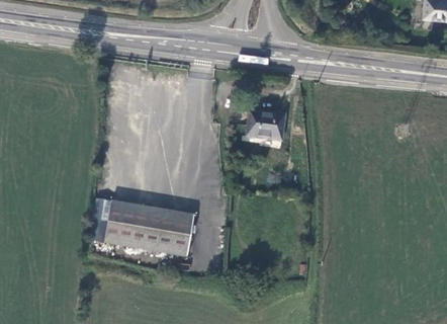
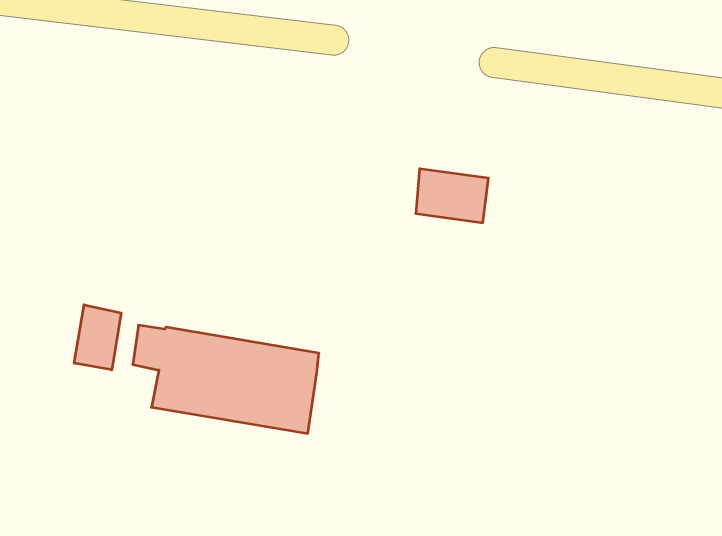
building: none -> [74,305,121,370]

